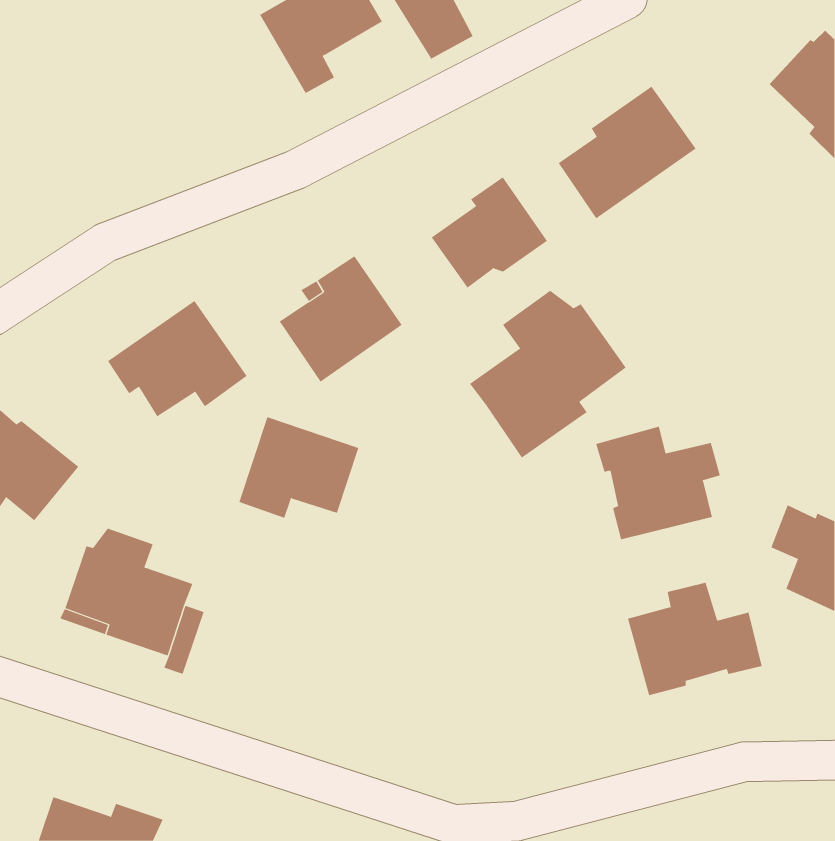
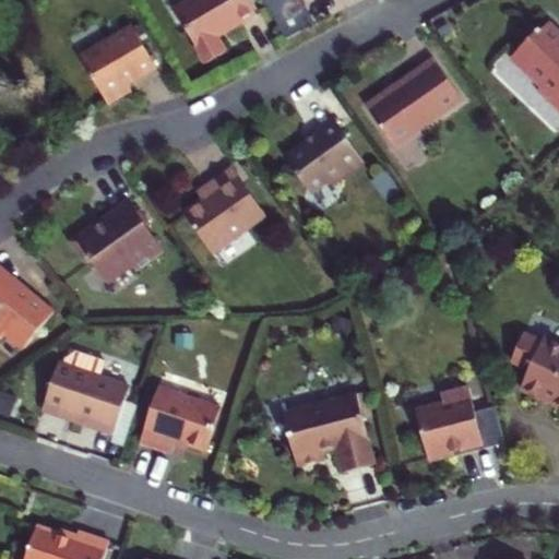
building: none -> [80,27,155,104]
building: [469,290,626,458] -> none
building: [239,416,359,519] -> [139,385,218,453]
building: [596,426,721,540] -> none
building: none -> [284,393,374,472]

